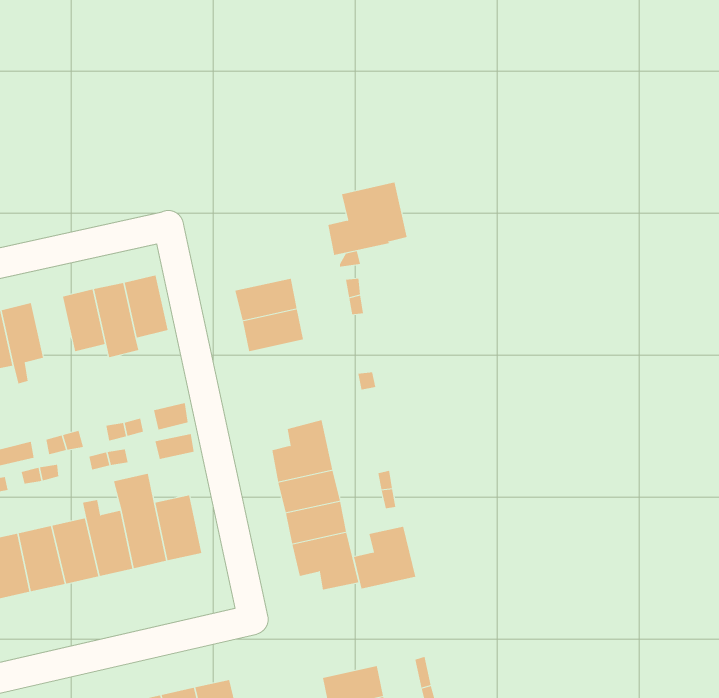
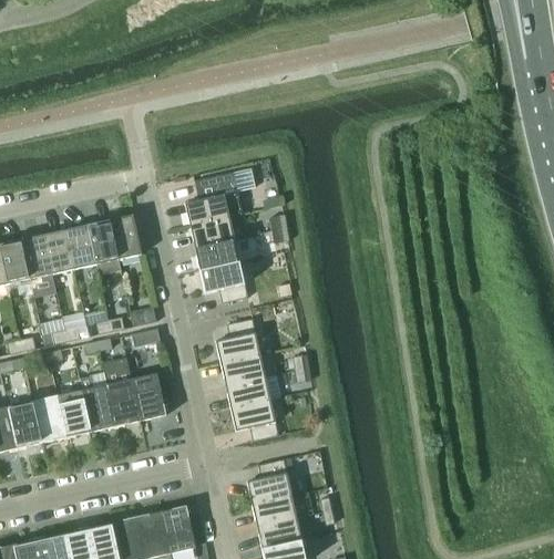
building: [327,182,407,256] -> [185,173,243,226]
building: none -> [43,230,74,275]
building: none -> [199,261,248,303]
building: [353,526,416,589] -> [247,459,293,505]

